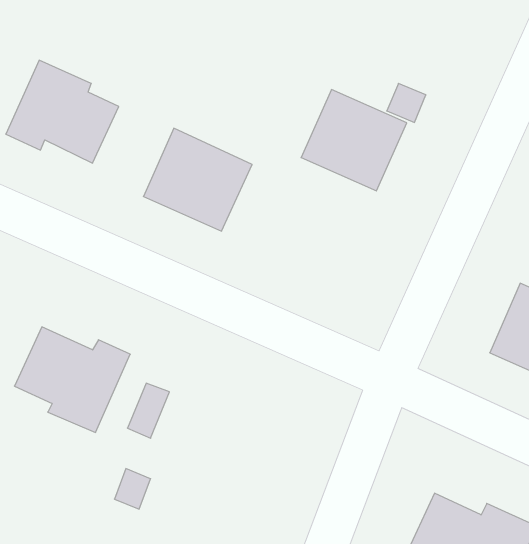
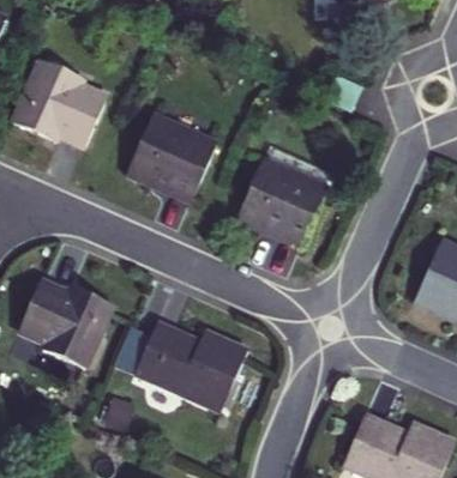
building: [301,90,407,191] -> [236,163,324,247]
building: none -> [134,319,247,412]

